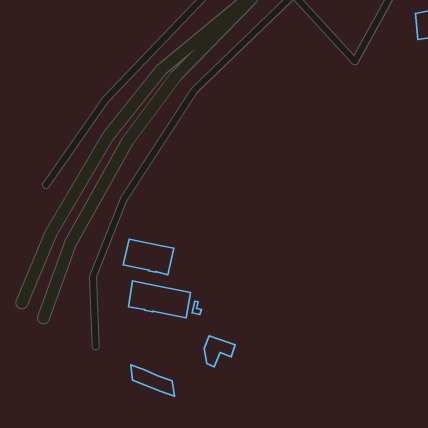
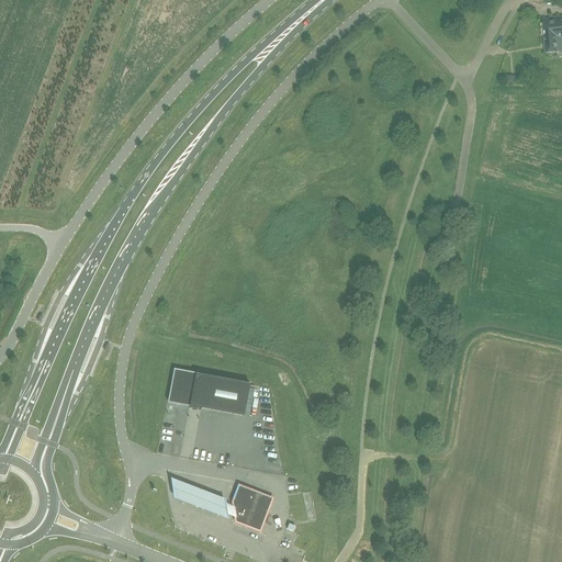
building: [123,239,174,275] -> none
building: [204,336,235,367] -> [233,484,273,525]

